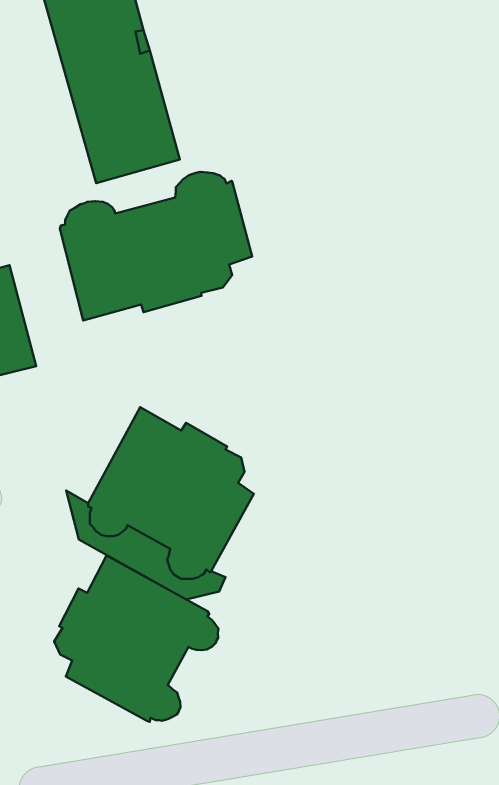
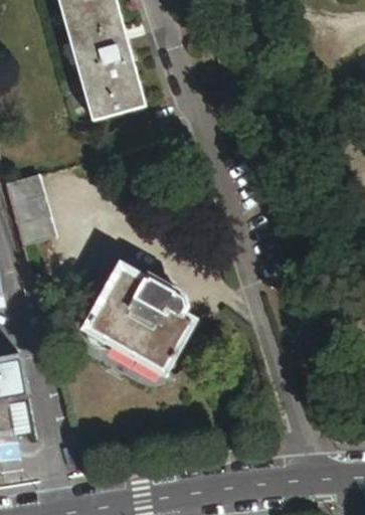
building: [60,172,252,321] -> none
building: [54,555,219,722] -> none

